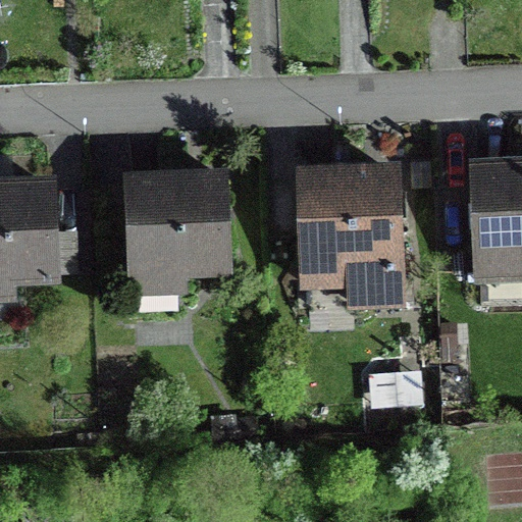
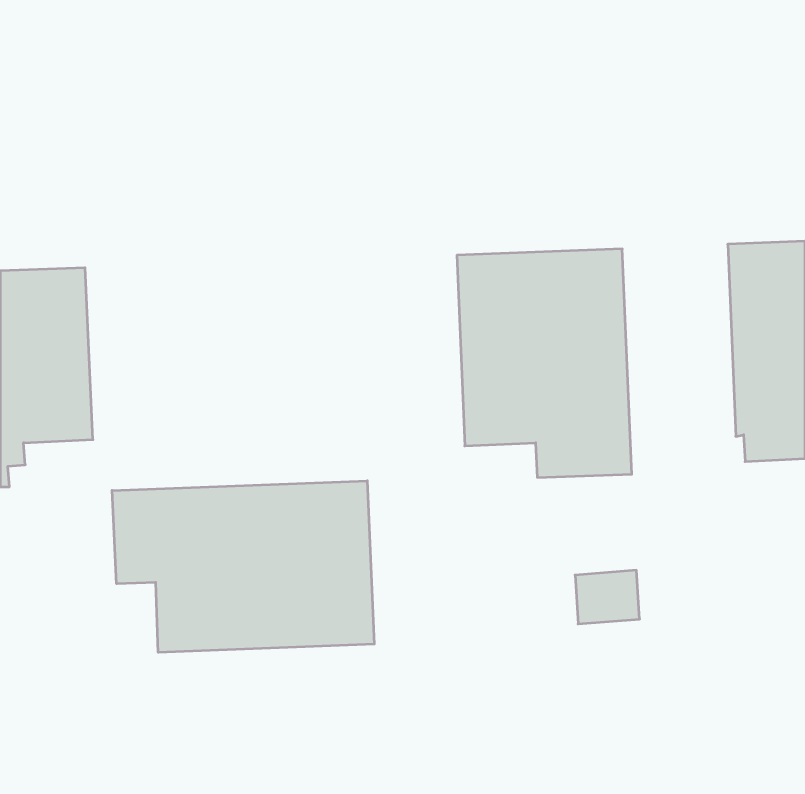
building: [123,168,233,309] -> none
building: none -> [112,481,374,652]

